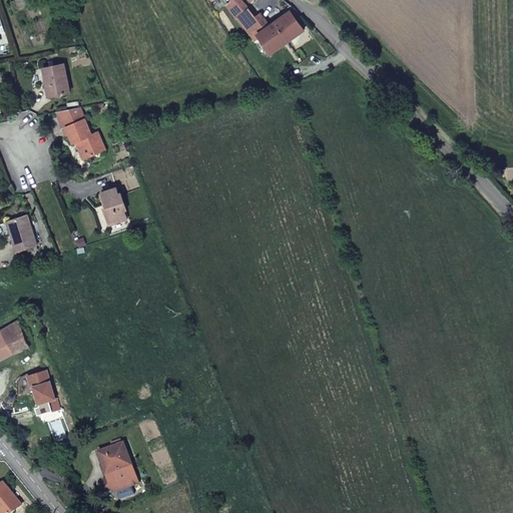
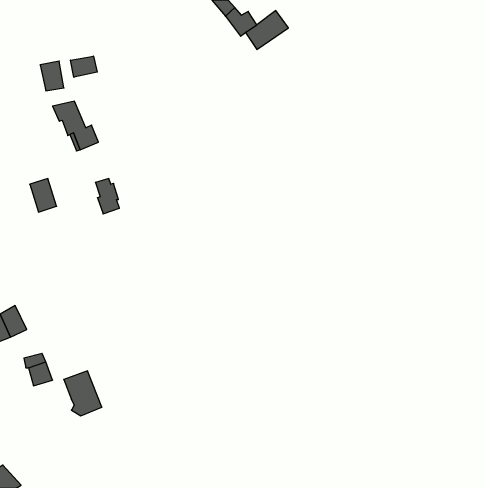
building: none -> [71,56,97,77]
building: [6,215,34,250] -> [30,179,57,212]
building: [97,444,137,491] -> [64,371,102,416]

